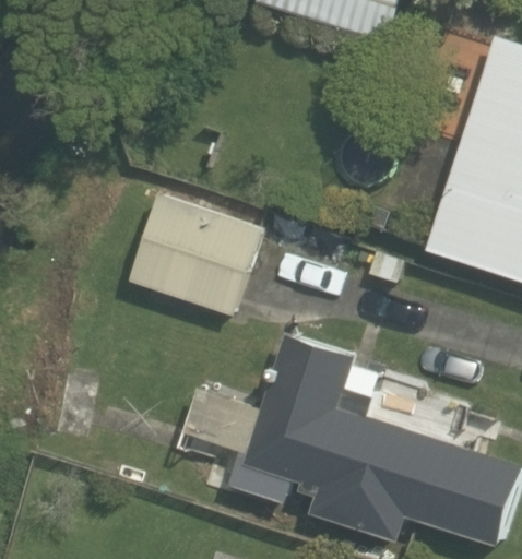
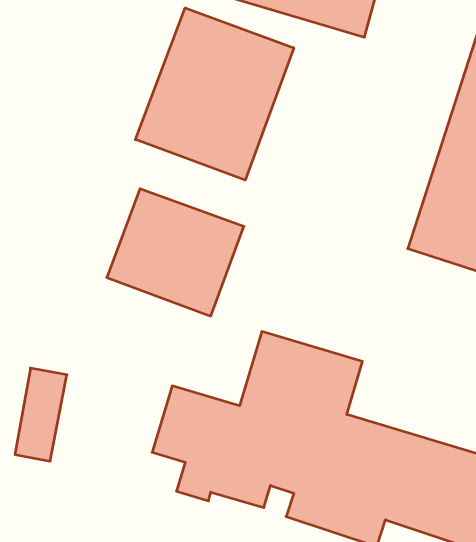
building: none -> [135,8,294,180]

